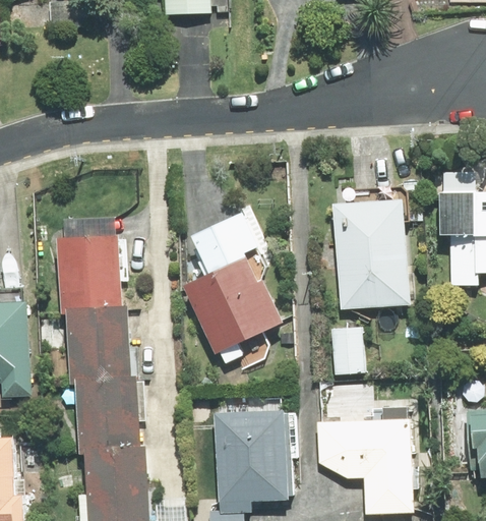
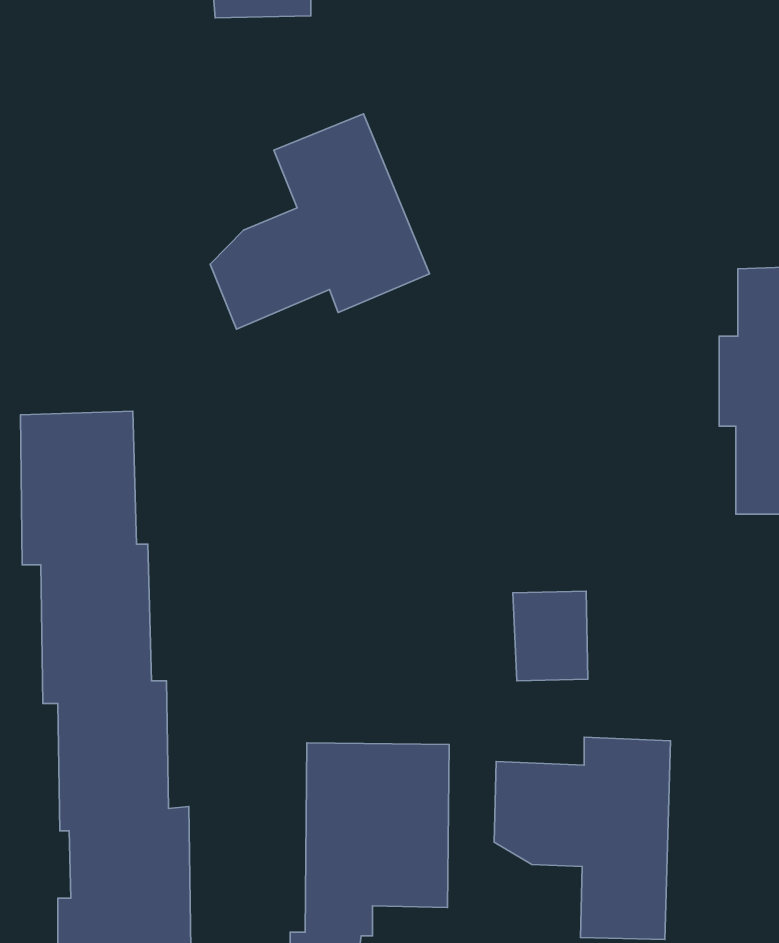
building: none -> [210,114,429,329]
building: [331,192,408,308] -> none
building: [181,211,281,356] -> none

